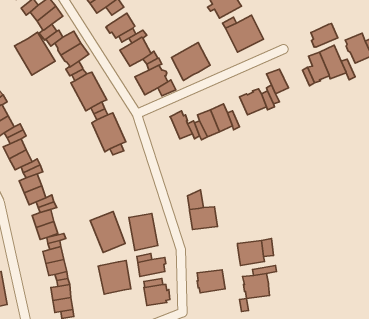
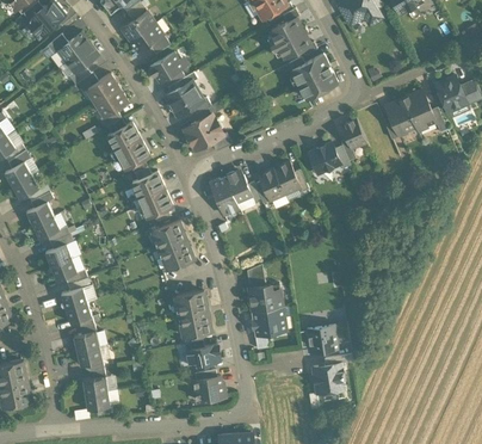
building: [311,24,338,47] -> none
building: [14,32,55,75] -> none
building: [171,42,210,80] -> none
building: none -> [209,178,239,216]
building: [90,212,125,252] -> [152,221,193,270]
building: [98,261,131,294] -> none
building: [197,270,225,293] -> [252,308,285,335]

